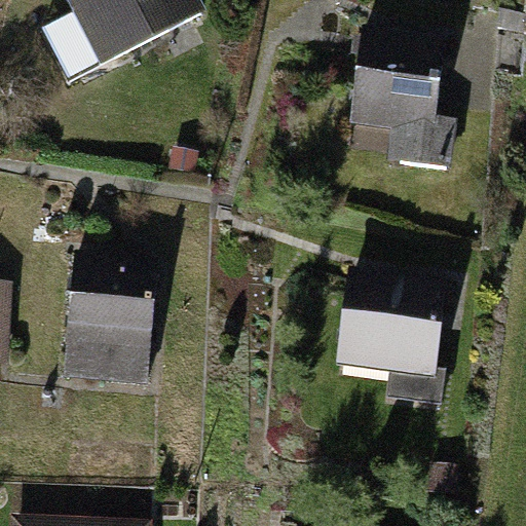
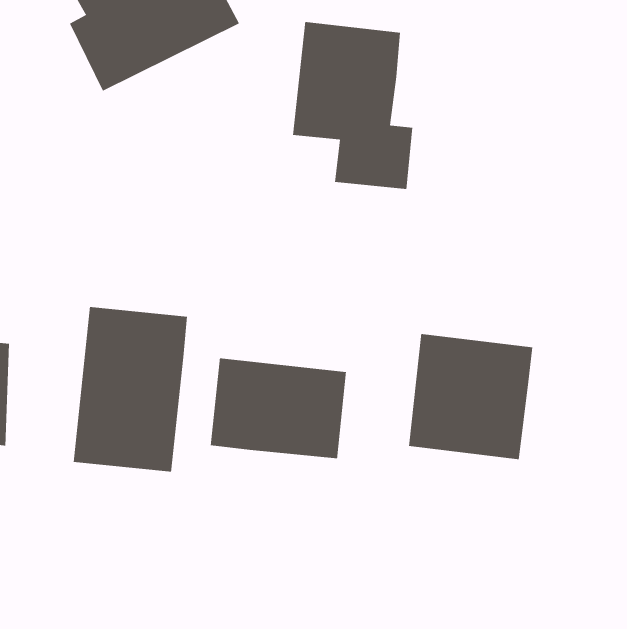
building: [350,31,451,171] -> [292,21,413,189]
building: none -> [210,358,346,459]

